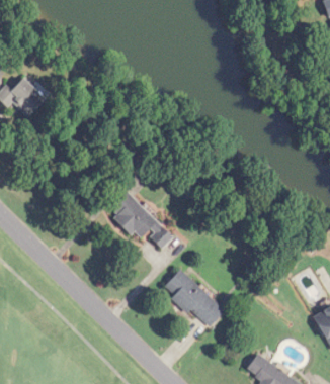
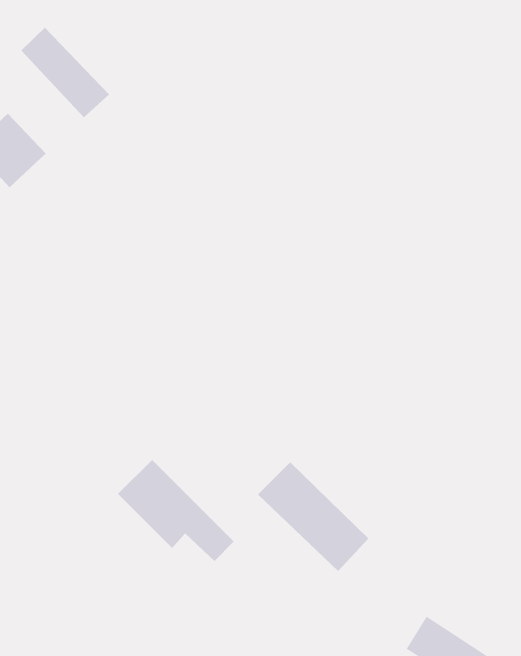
building: none -> [20,27,110,118]
building: [108,191,173,248] -> [117,459,235,562]

